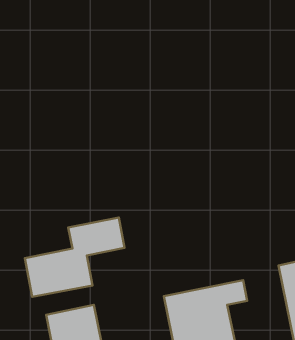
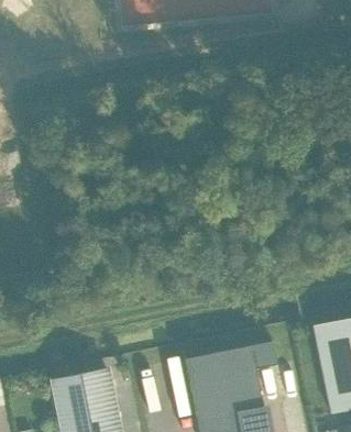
building: [25,218,124,297] -> none

